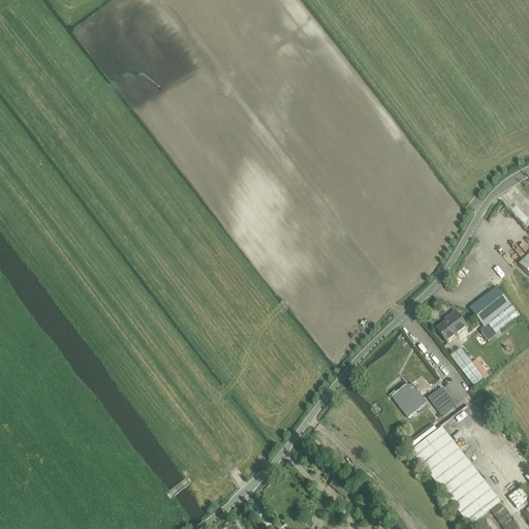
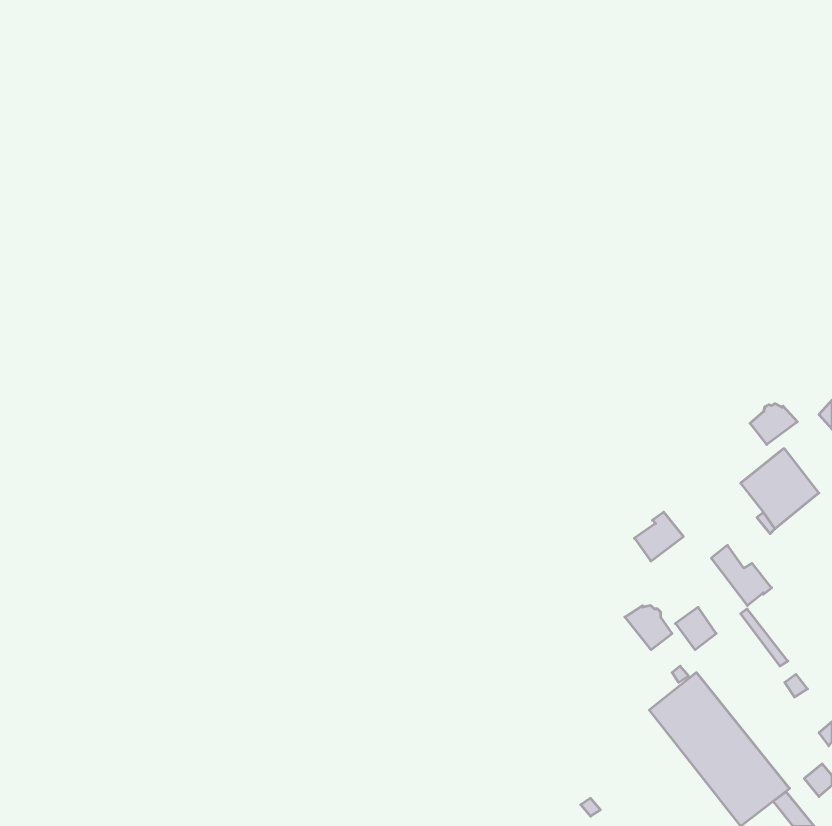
building: none -> [750,404,797,445]
building: [436,310,467,341] -> [634,512,683,561]

